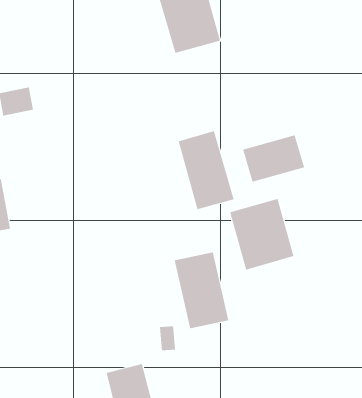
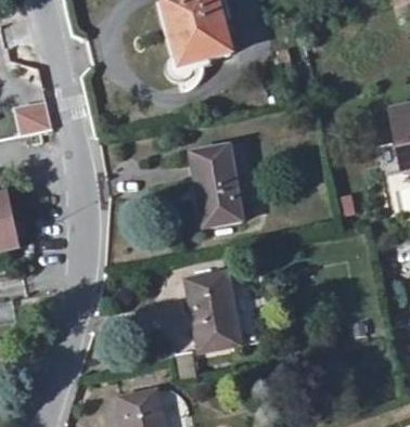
building: [242,135,305,182] -> none
building: [230,198,294,270] -> none

